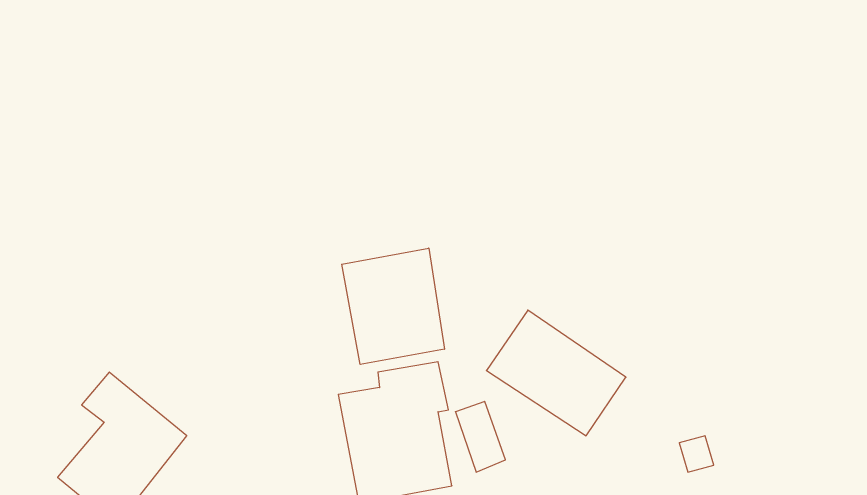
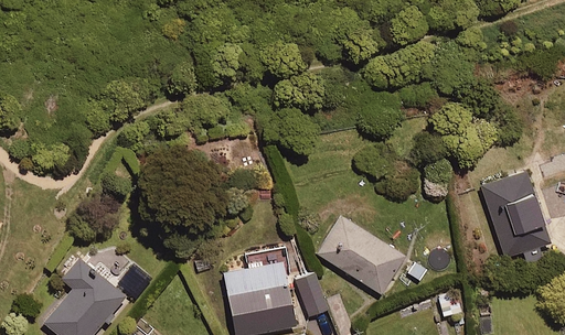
building: none -> [481,170,551,266]
building: [342,248,444,364] -> none

